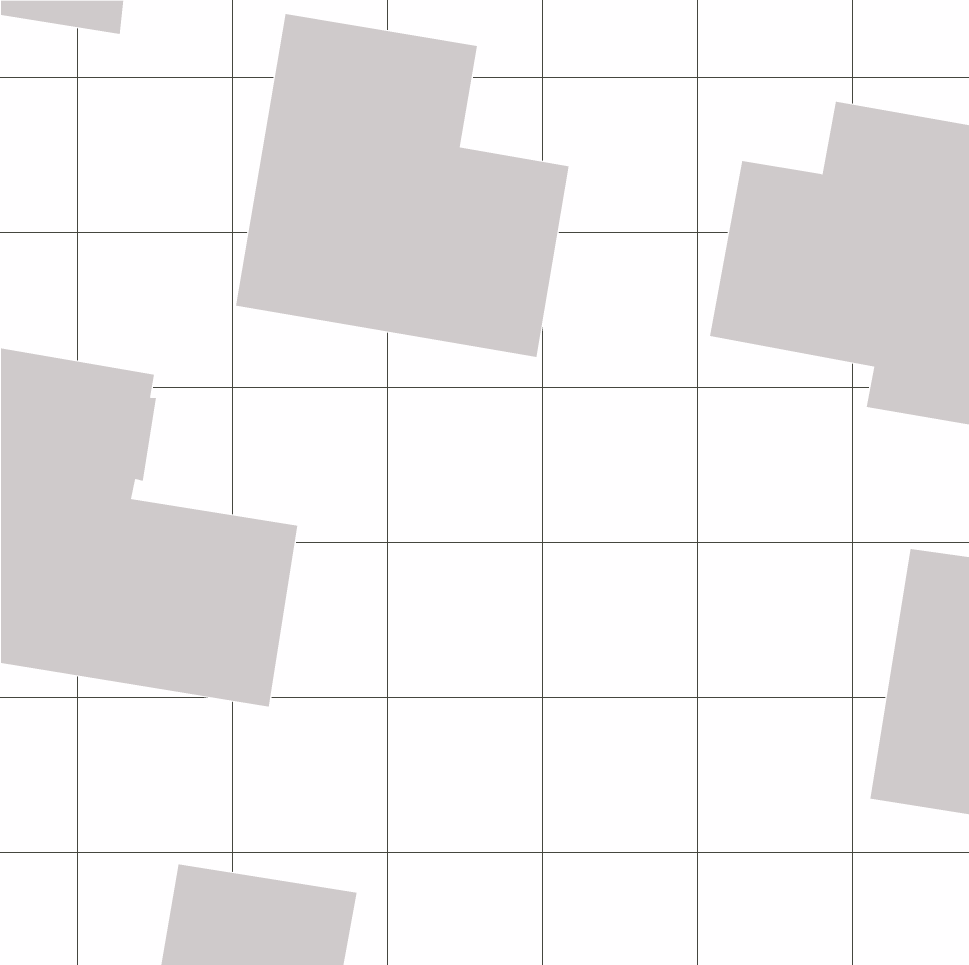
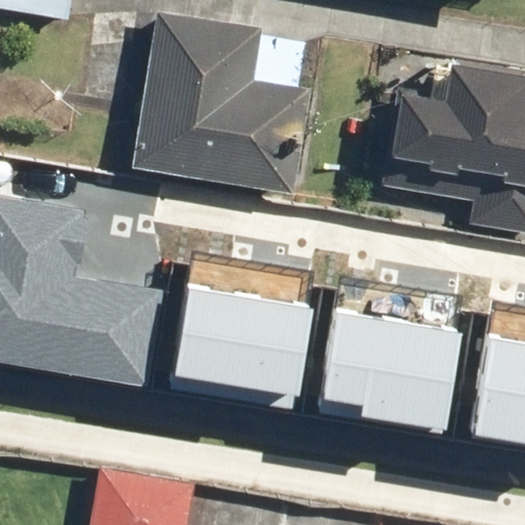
building: none -> [171,251,316,406]
building: none -> [318,275,465,430]

